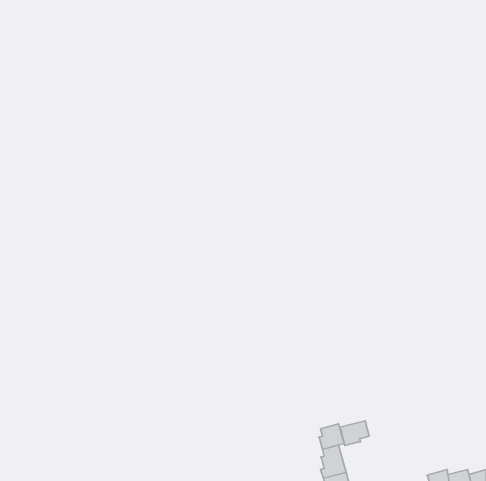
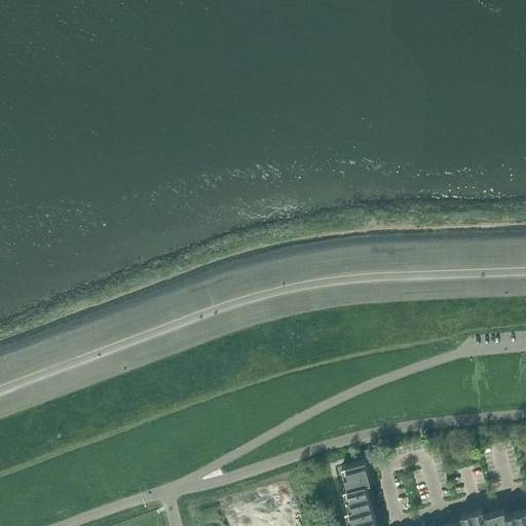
building: [340,421,369,446] -> none

